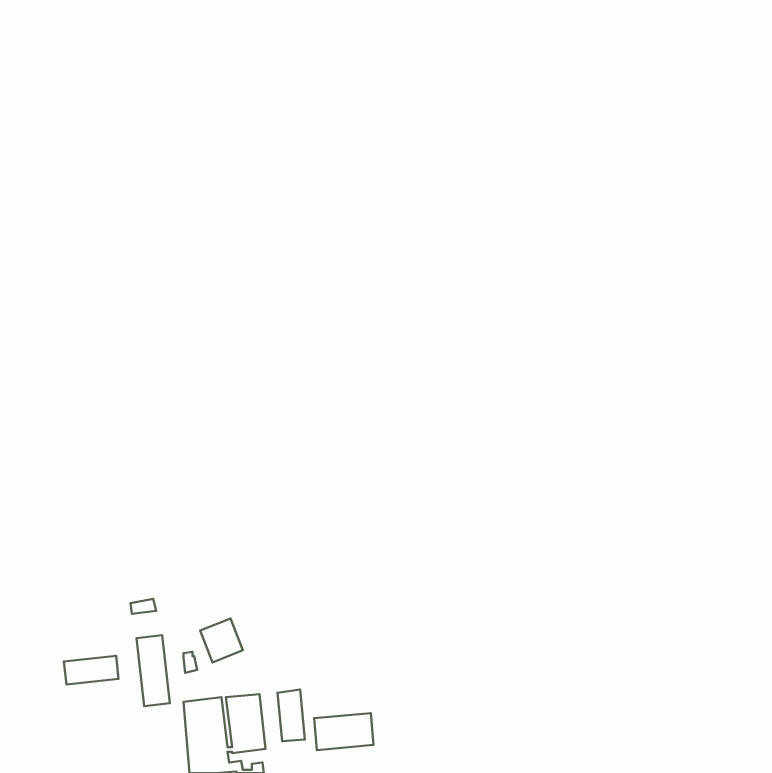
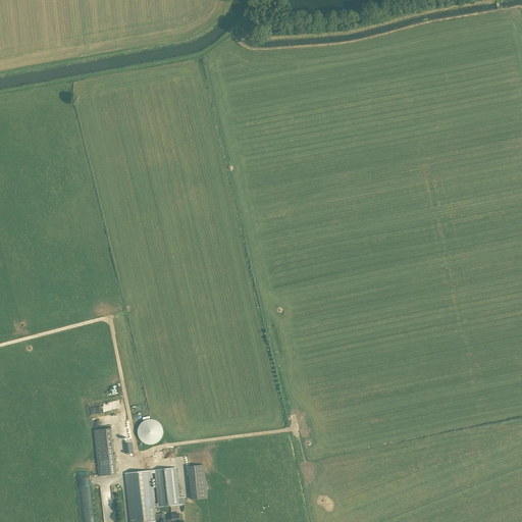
building: [64,656,119,685] -> none
building: [314,713,373,750] -> none

